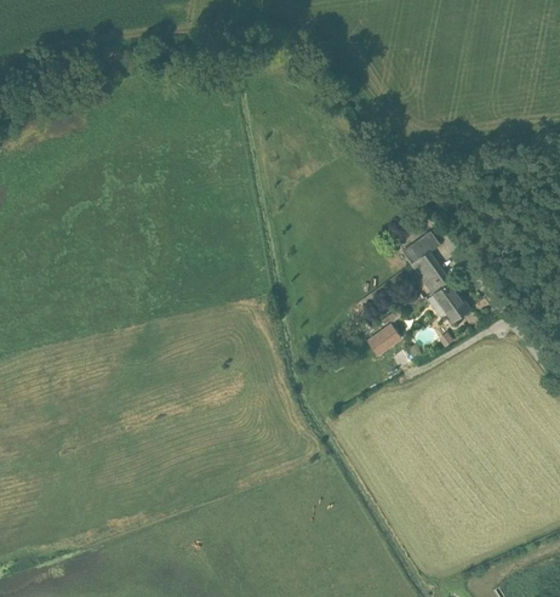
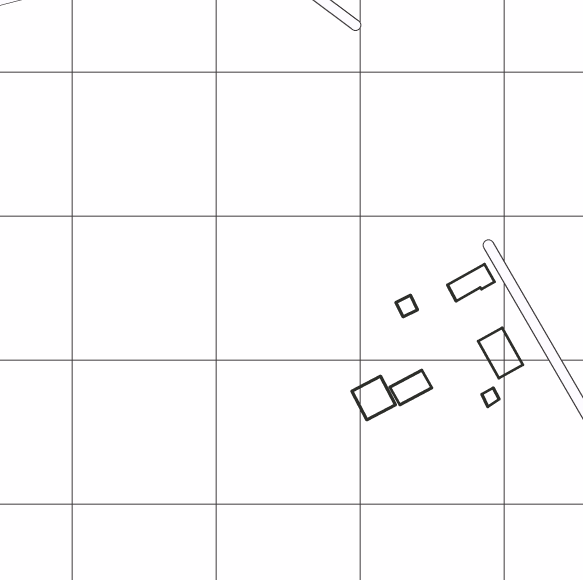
building: [410,252,450,296] -> none
building: none -> [352,376,396,420]

